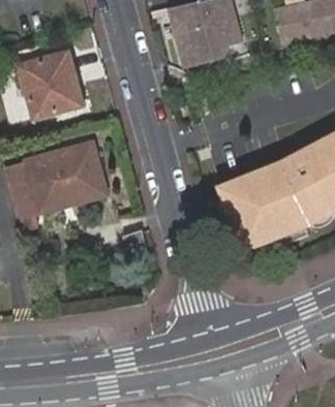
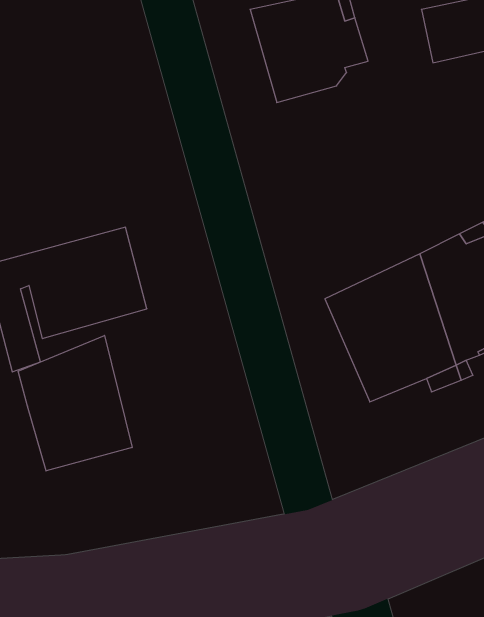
building: [21,53,81,117] -> none
building: none -> [18,335,132,471]

